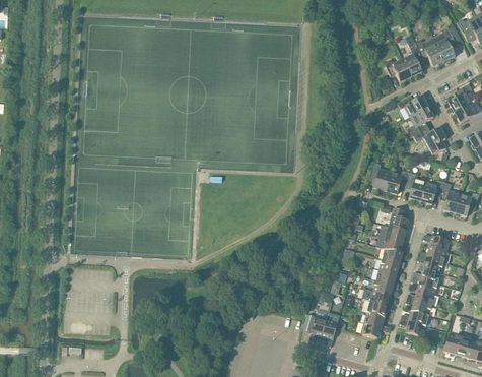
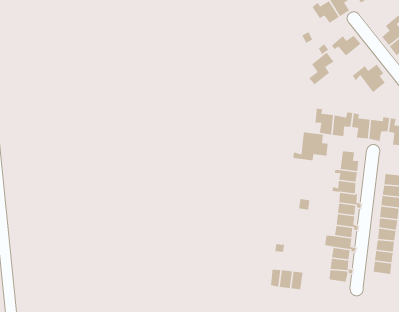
building: [405,106,433,137] -> [308,51,335,85]
building: none -> [293,132,328,161]

